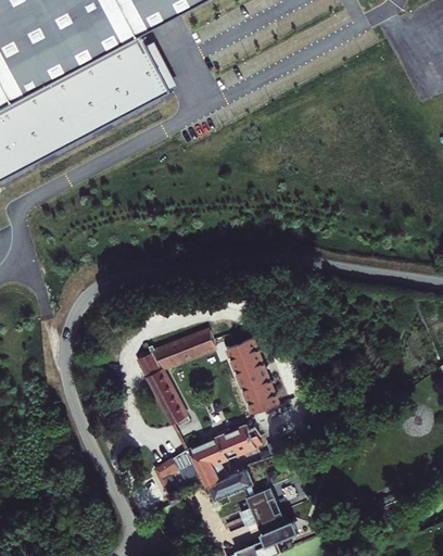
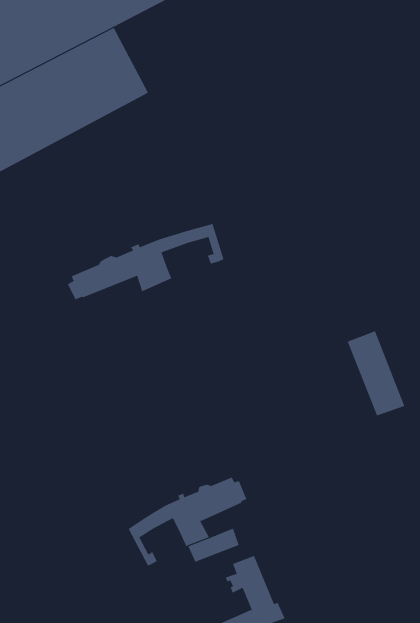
building: none -> [67,223,224,300]
building: [136,328,213,422] -> none
building: [226,337,277,412] -> [347,330,405,416]

